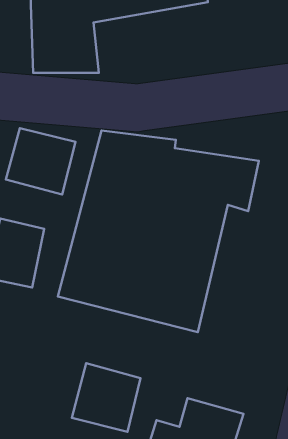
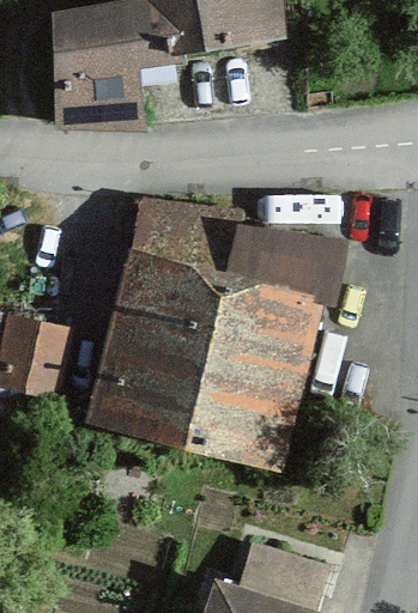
building: [6,128,76,195] -> none
building: [72,363,141,432] -> none

